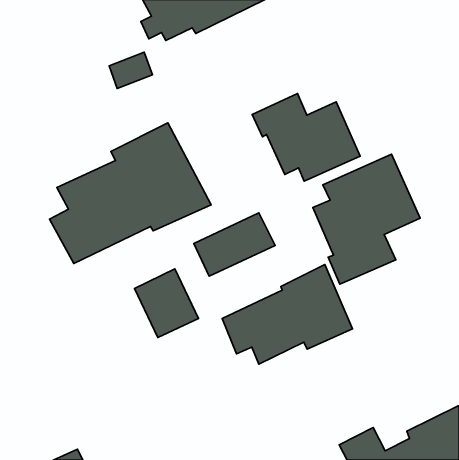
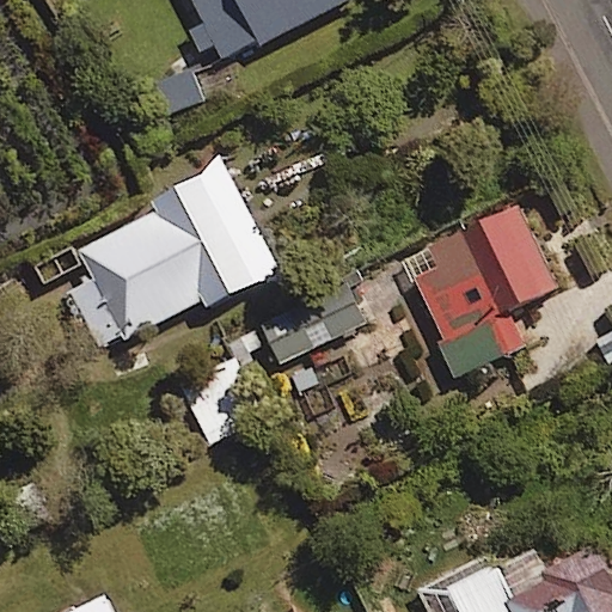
building: [252,94,360,181] -> none
building: [222,264,352,364] -> none

